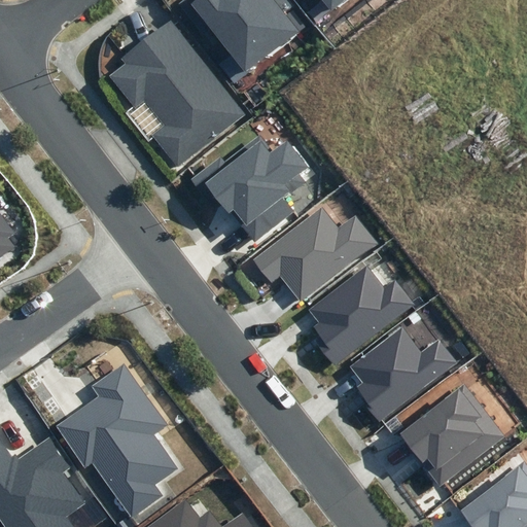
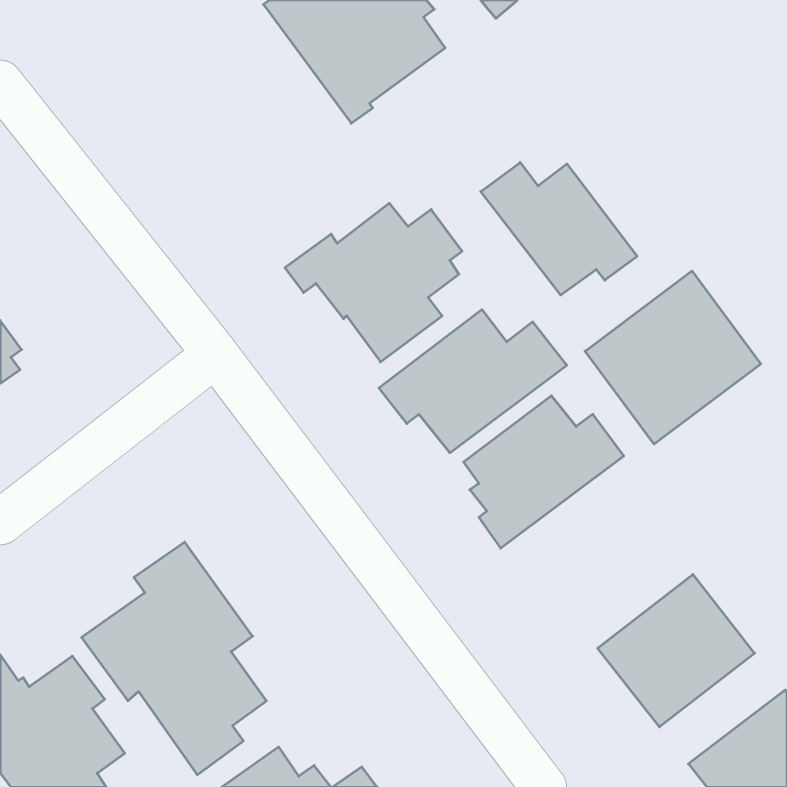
building: [110,20,245,168] -> none
building: none -> [481,162,637,295]
building: none -> [585,271,761,444]
building: [349,327,458,423] -> none

